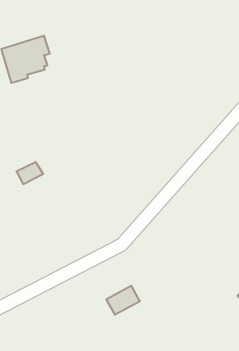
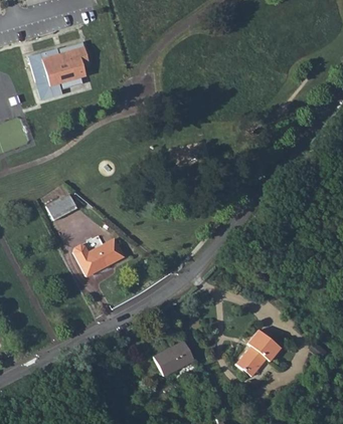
building: none -> [72,237,125,276]
building: none -> [235,331,280,377]

